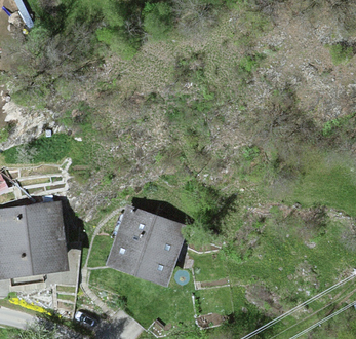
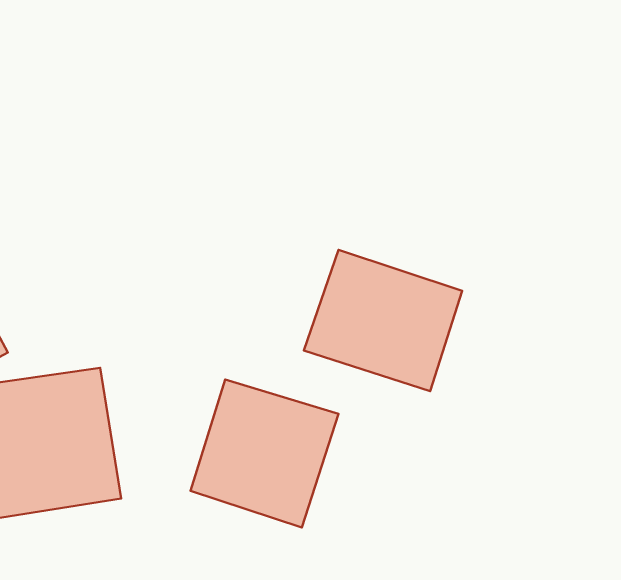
building: none -> [304,250,462,391]

